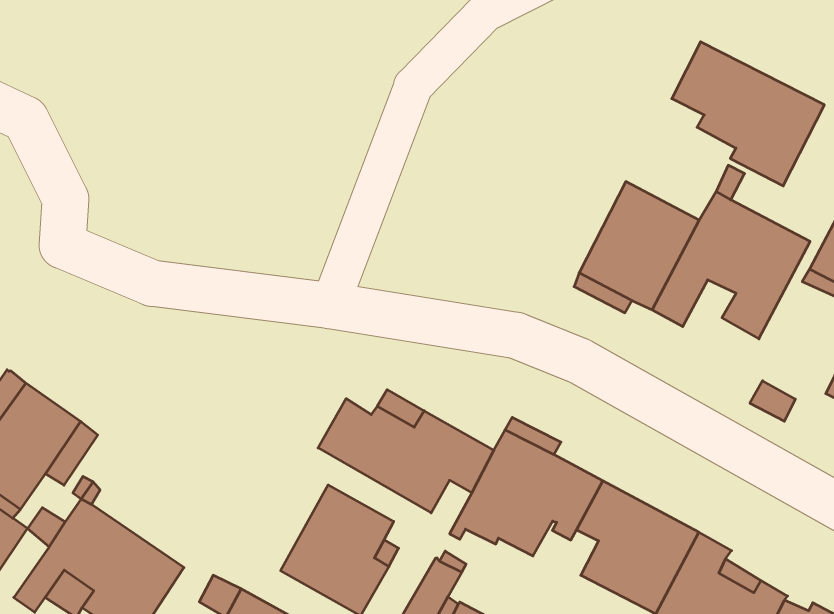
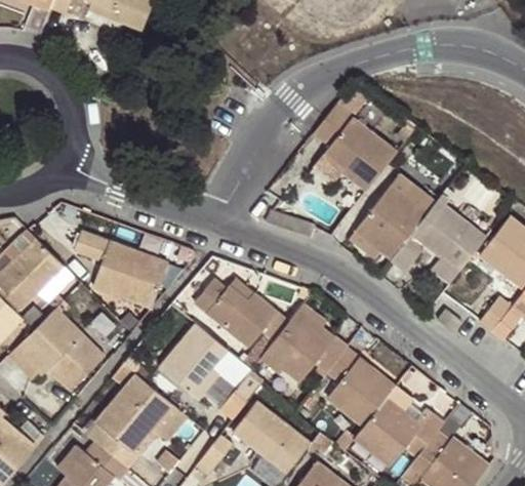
building: [672,42,824,186] -> [314,104,398,192]
building: none -> [74,231,167,307]

